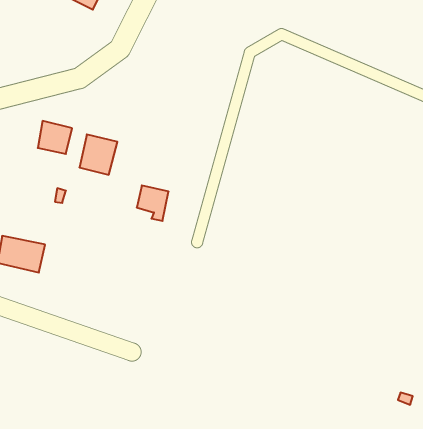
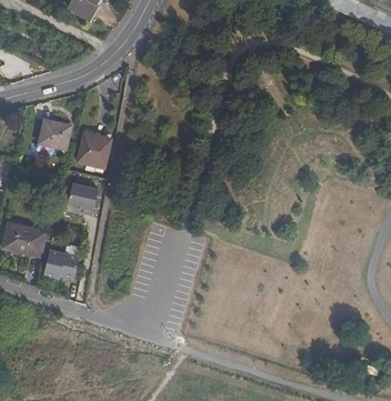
building: [137,185,169,221] -> [68,183,97,215]
building: none -> [43,251,78,279]

